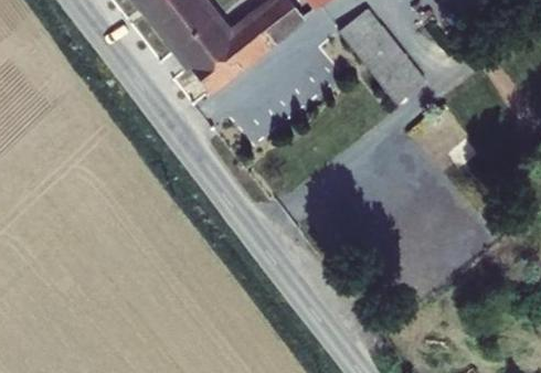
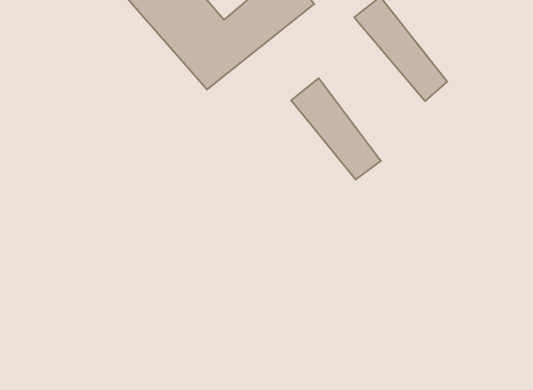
building: none -> [291,78,381,180]

